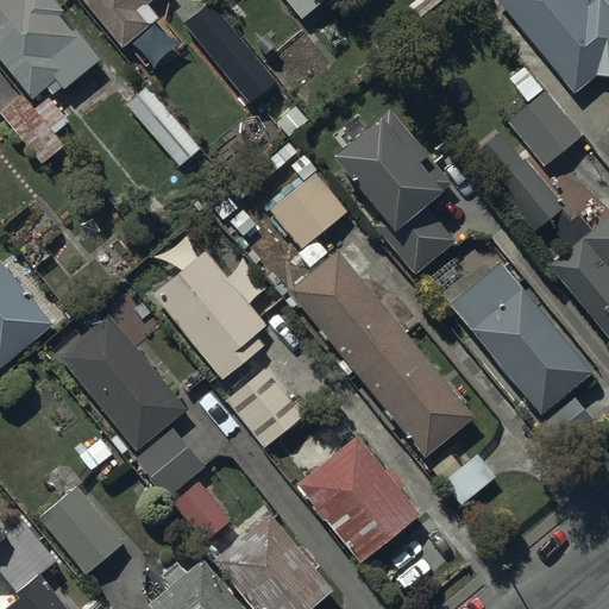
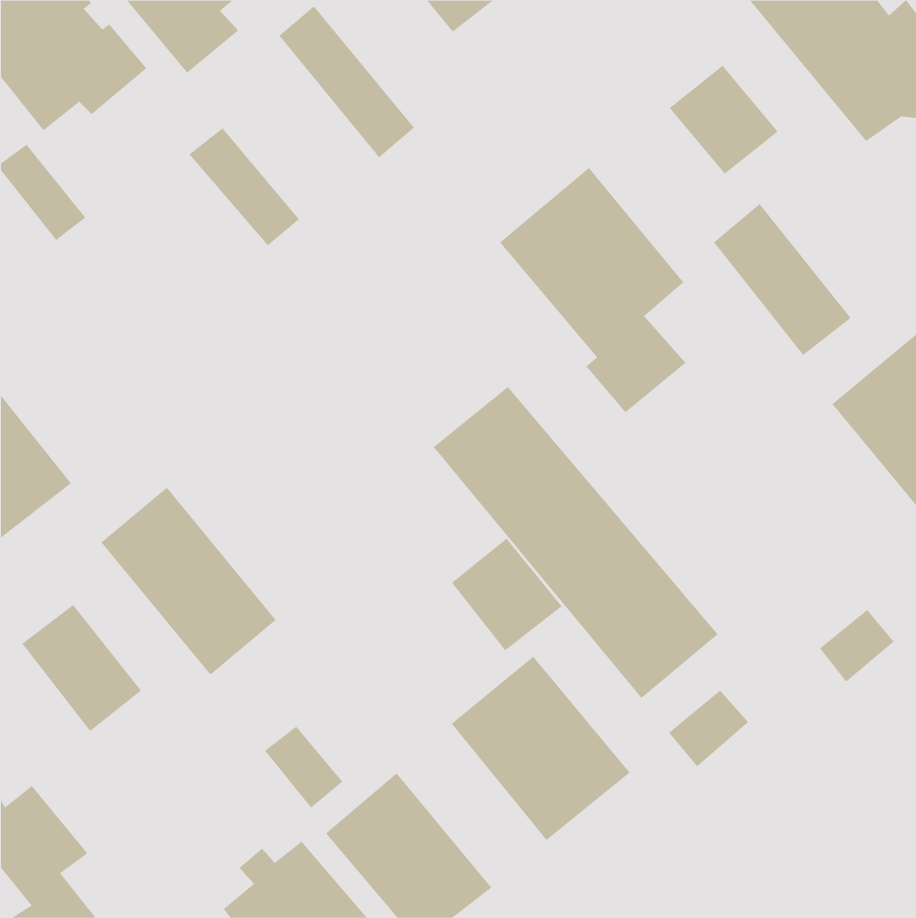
building: [511,94,584,167] -> [669,65,779,175]
building: [270,170,344,244] -> none
building: [152,247,263,370] -> none
building: [453,268,592,416] -> none
building: [228,365,302,440] -> [451,538,562,651]
building: [138,425,201,488] -> none
building: [43,484,123,569] -> [22,604,142,732]

